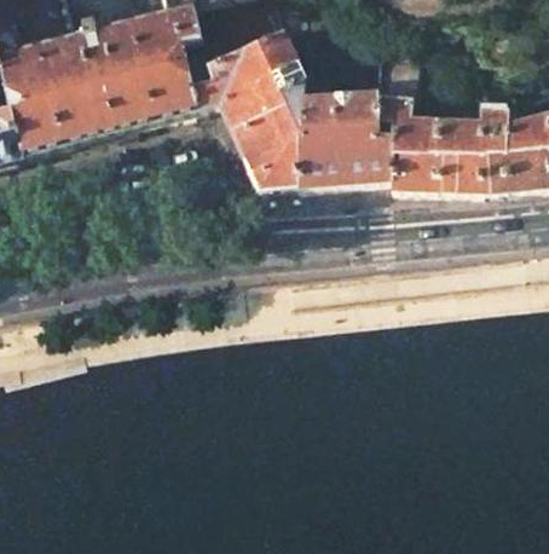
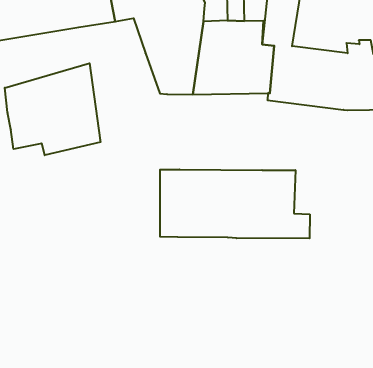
building: none -> [5,63,101,155]
building: none -> [160,169,310,238]

